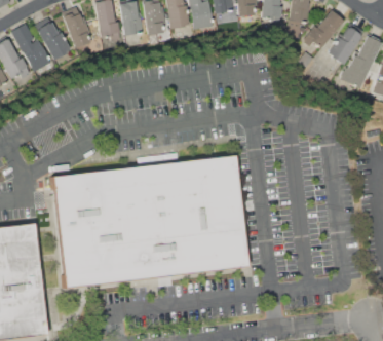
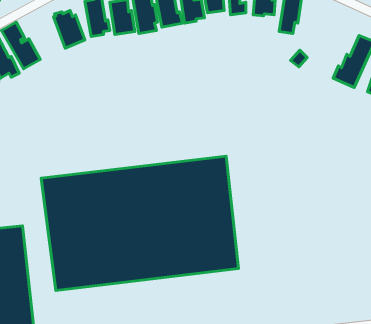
building: [302,8,345,48] -> none
building: [37,23,71,61] -> none
building: [328,23,363,65] -> none

